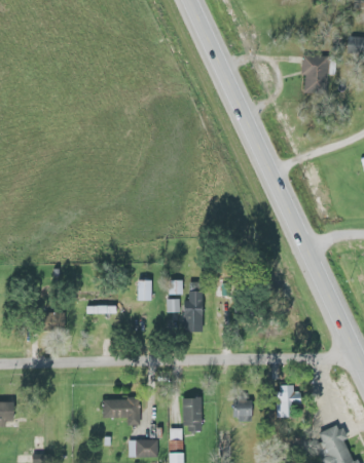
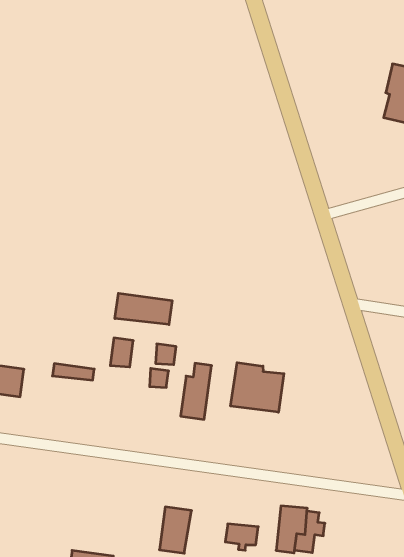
building: none -> [115,293,172,325]
building: none -> [231,363,284,412]
building: [103,396,140,425] -> none

